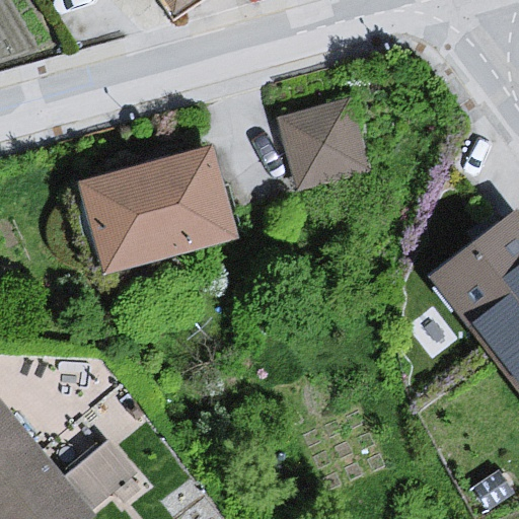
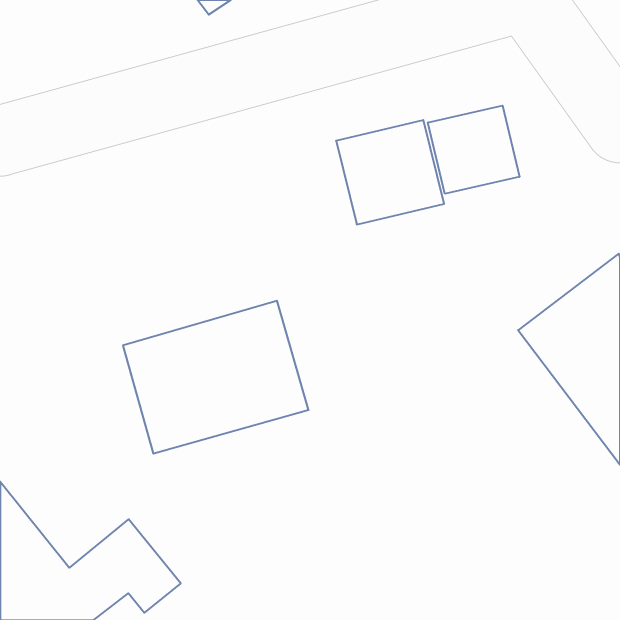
building: none -> [428,106,519,194]
building: [80,146,235,274] -> [123,301,309,454]

